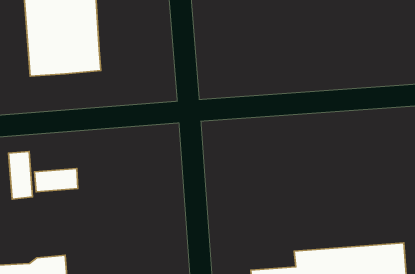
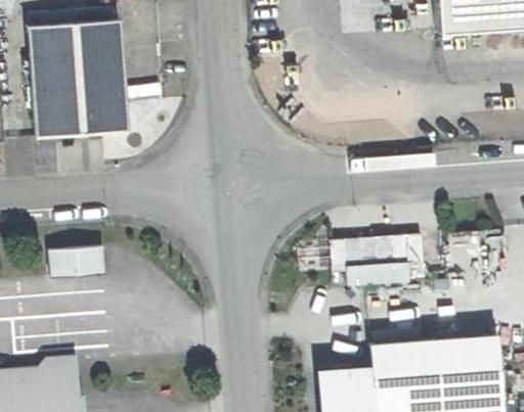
building: [9,152,33,199] -> none
building: none -> [331,232,429,284]

